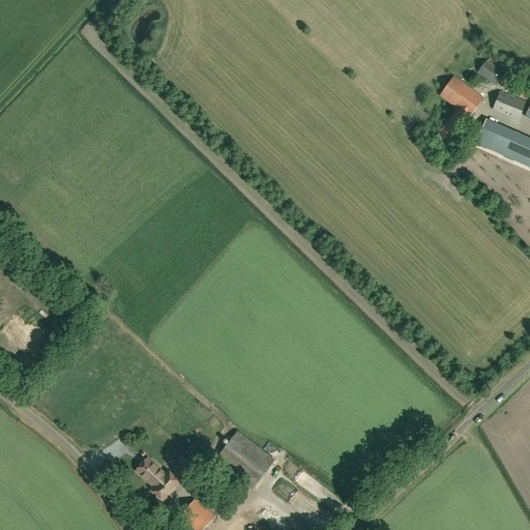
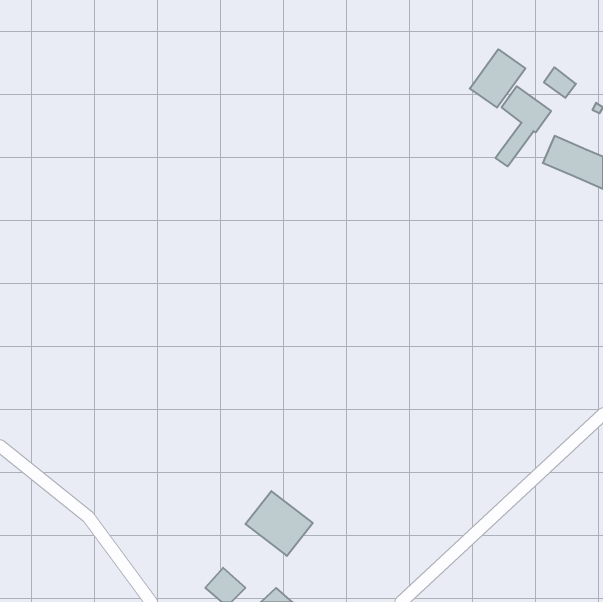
building: none -> [470,49,525,108]
building: [493,91,525,119] -> none
building: [136,458,180,500] -> none

